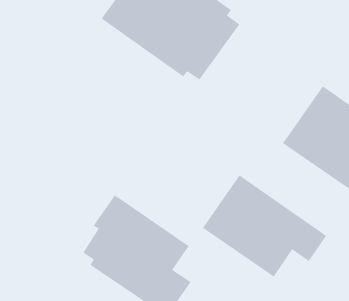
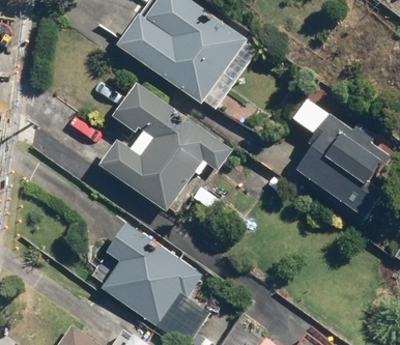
building: none -> [97,79,228,209]
building: [202,174,327,277] -> none

